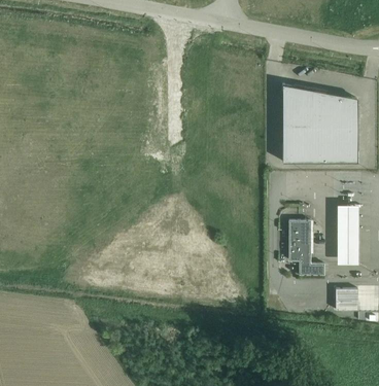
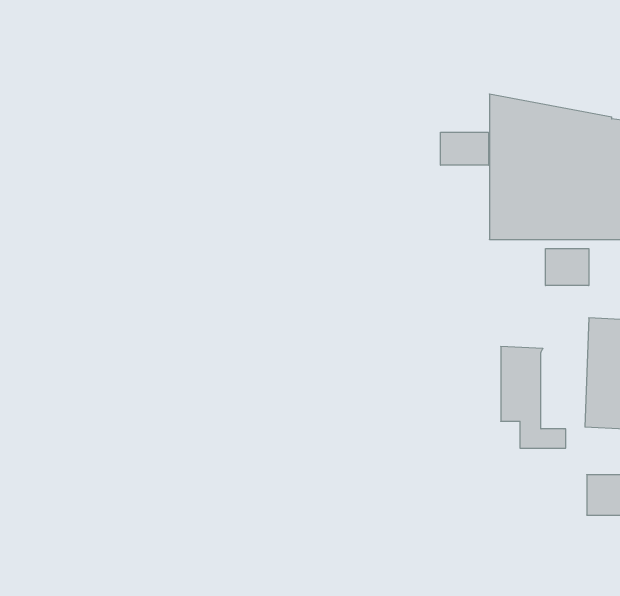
building: none -> [441,132,488,165]
building: none -> [546,249,589,286]

